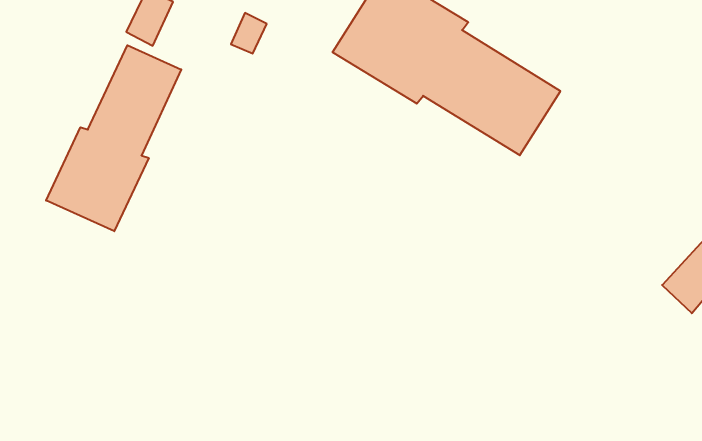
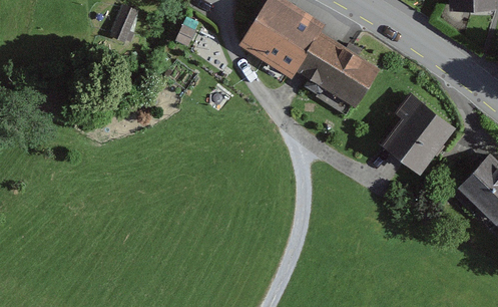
building: [46,45,181,231] -> none
building: none -> [383,93,455,173]

